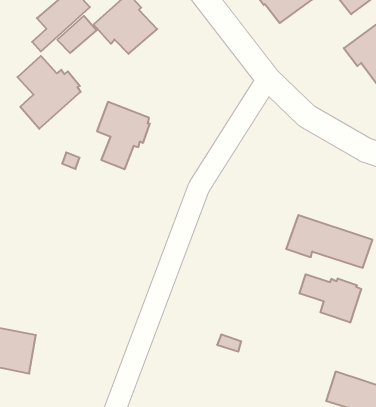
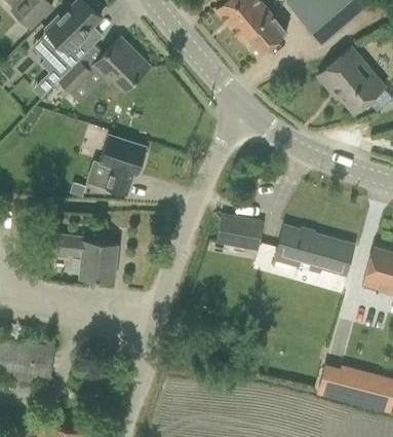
building: [17,56,81,129] -> none
building: none -> [217,215,264,250]
building: none -> [44,233,118,283]
building: [300,274,361,323] -> none

